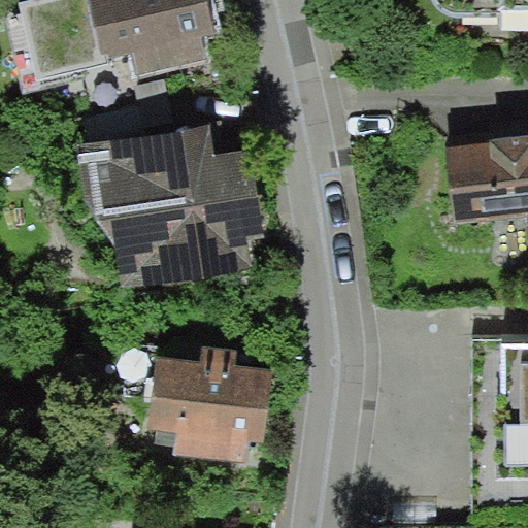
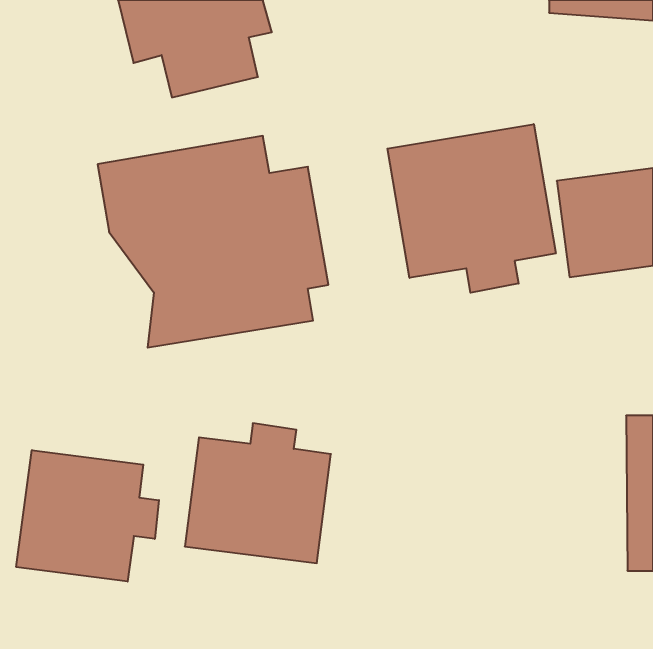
building: none -> [387,124,556,293]
building: none -> [16,450,159,582]

